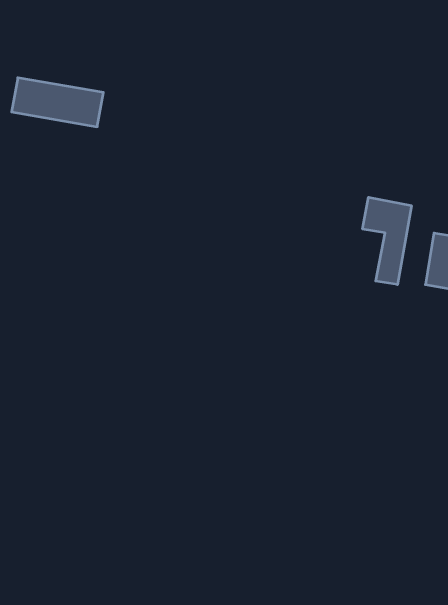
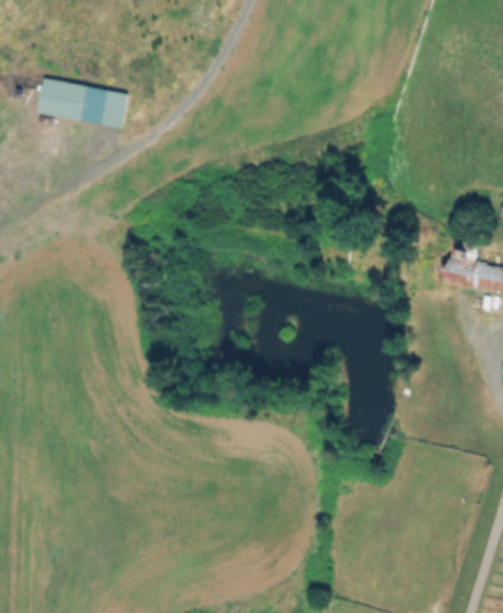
building: [363,197,411,285] -> none

